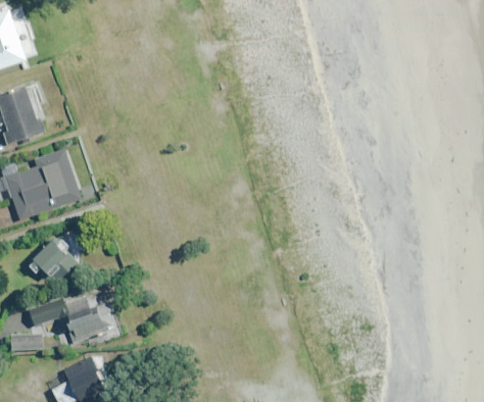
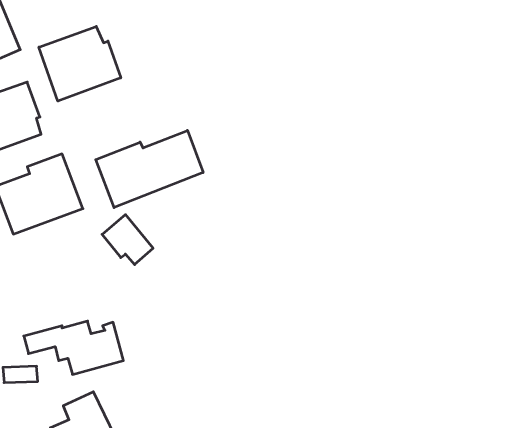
building: none -> [39,26,121,101]
building: none -> [96,130,203,208]
building: [33,238,78,282] -> [102,215,153,265]

